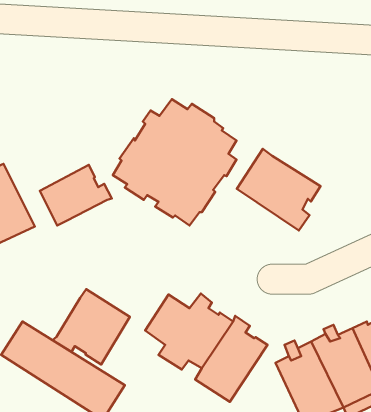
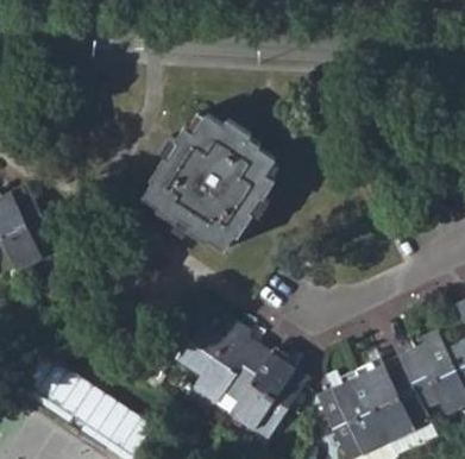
building: [237,149,321,230] -> none
building: [40,165,112,225] -> none
building: [53,289,130,364] -> none

